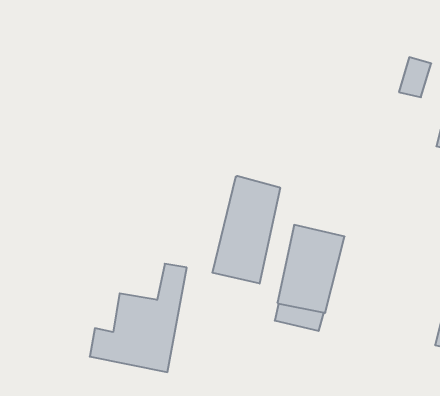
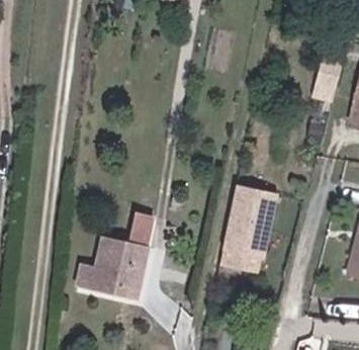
building: [212,176,280,284] -> none

